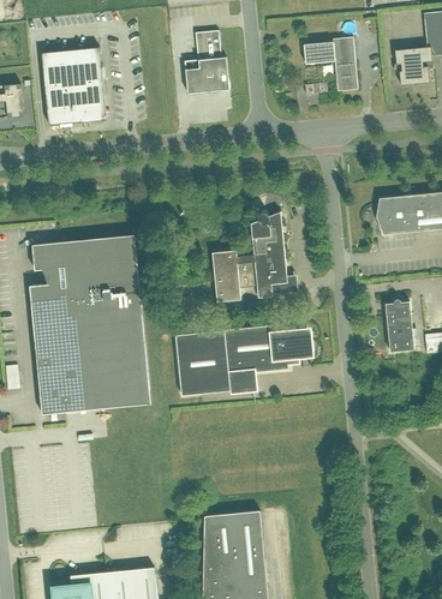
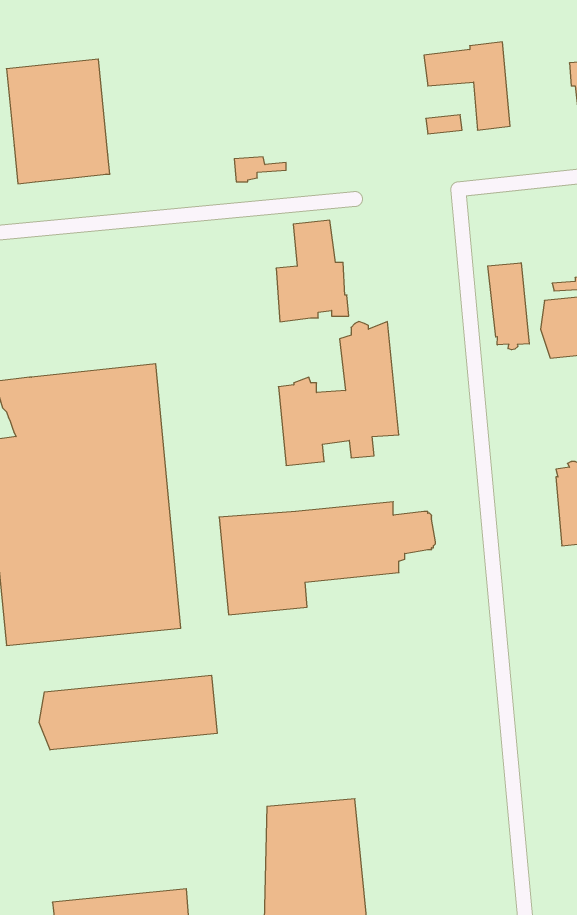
building: [184,30,229,94] -> [276,220,349,322]
building: none -> [488,263,529,350]
building: none -> [39,675,217,750]

